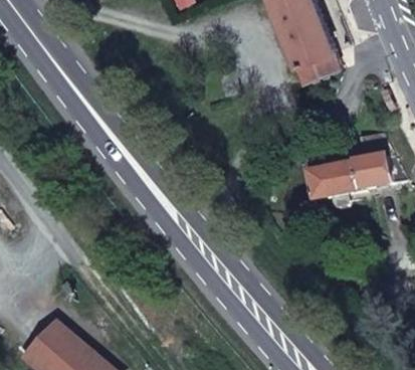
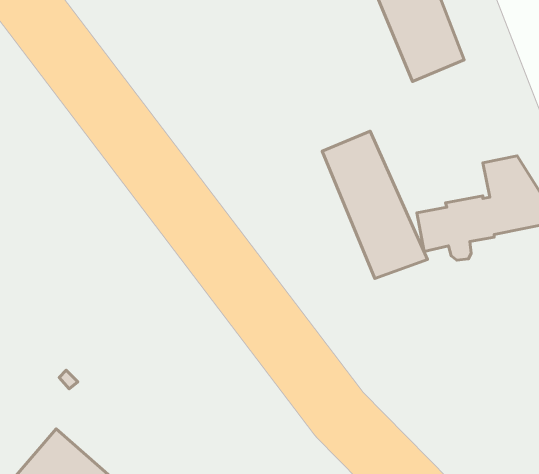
building: none -> [322,131,427,279]

